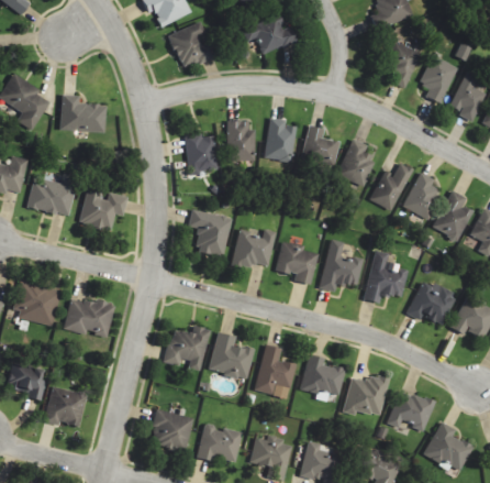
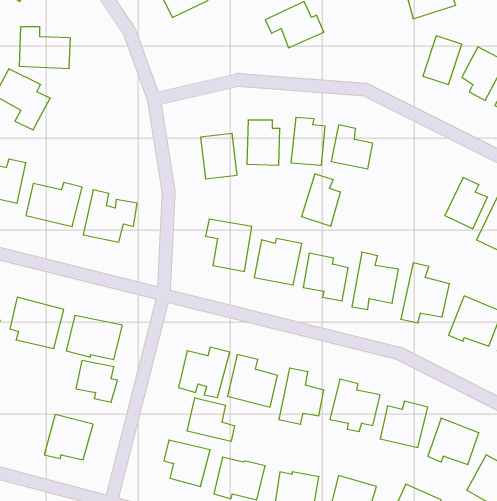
building: [167,22,208,70] -> none
building: [59,96,105,133] -> [19,27,70,68]
building: [338,139,374,186] -> [301,174,341,226]
building: [370,163,412,211] -> none
building: [8,363,45,400] -> [76,361,117,402]
building: none -> [187,398,235,441]

